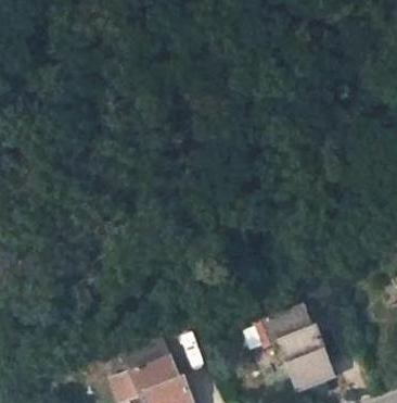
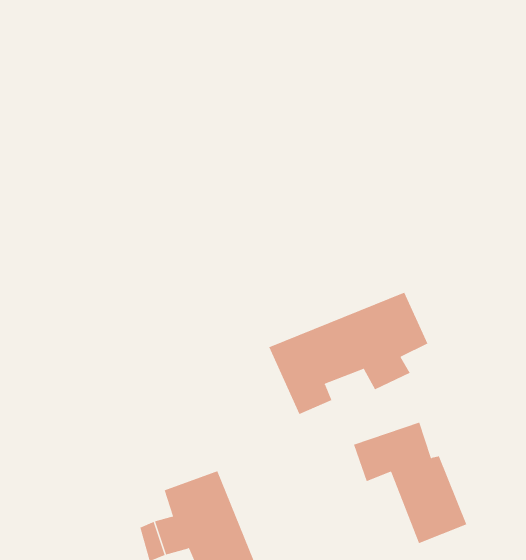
building: none -> [269,292,428,415]

